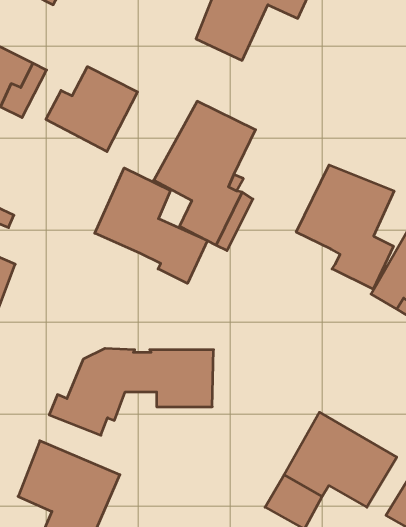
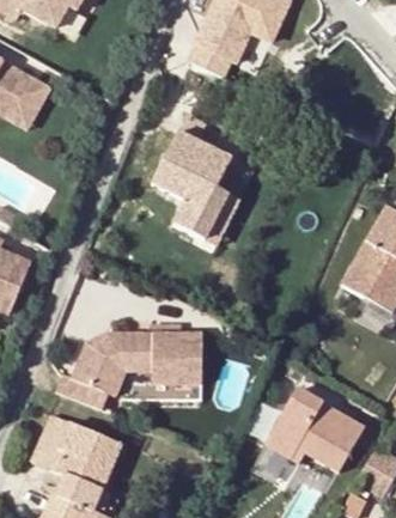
building: [46,67,138,152] -> none
building: [296,165,394,289] -> none
building: [95,168,207,283] -> none

